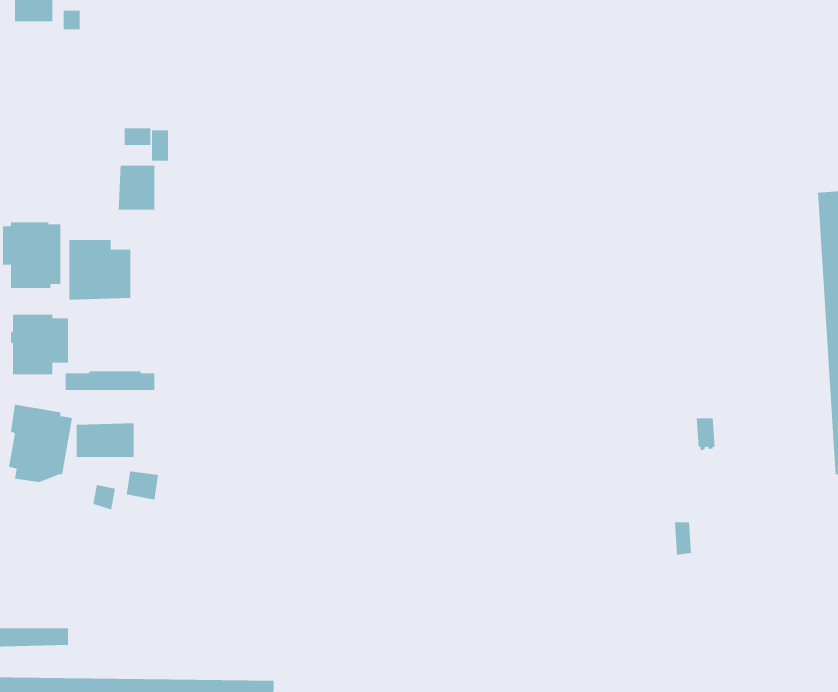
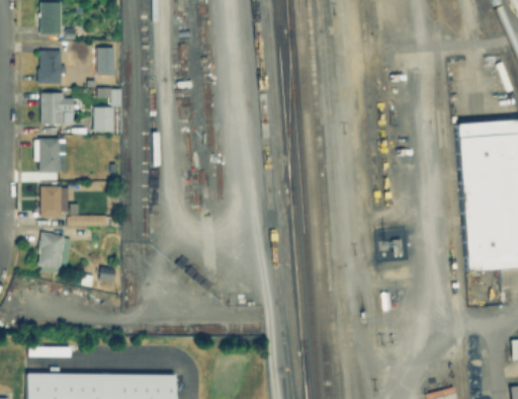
building: none -> [98,48,115,76]
building: none -> [38,50,66,83]
building: [69,239,131,300] -> [41,93,74,125]
building: [76,422,134,458] -> none

